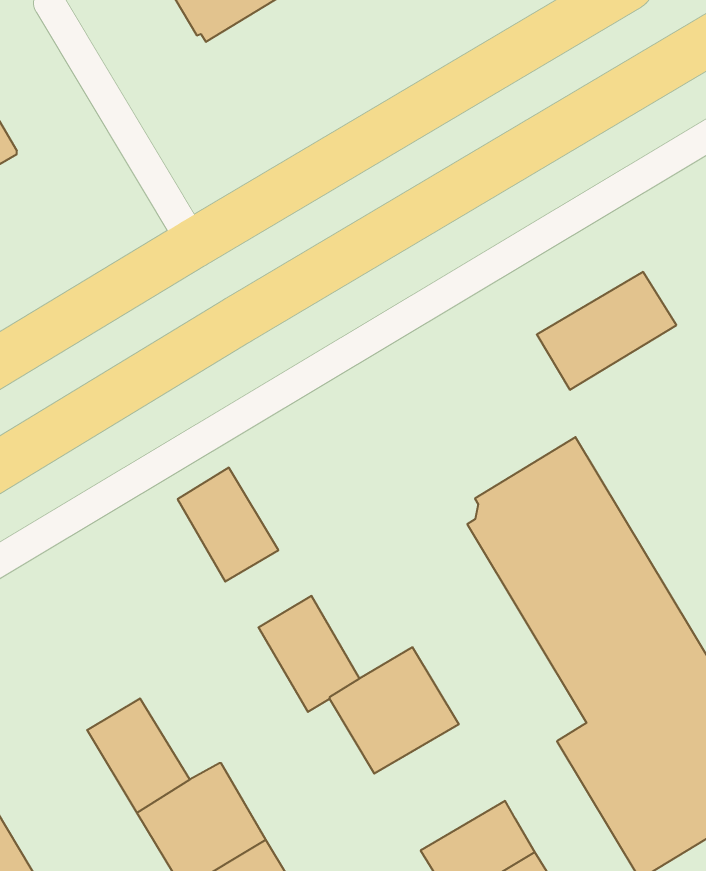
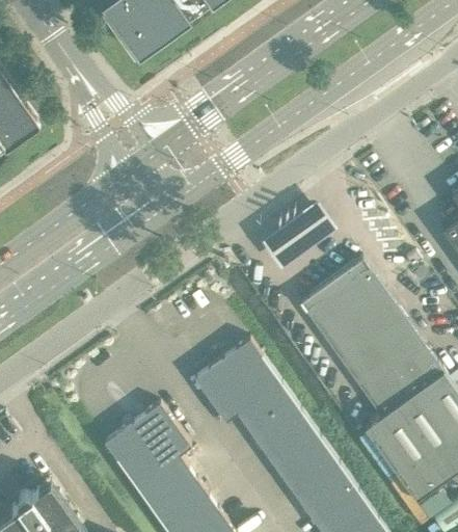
building: [537,272,676,390] -> [261,202,338,270]
building: [178,468,278,582] -> [222,340,280,403]
building: none -> [132,404,191,467]
building: none -> [265,424,339,496]

